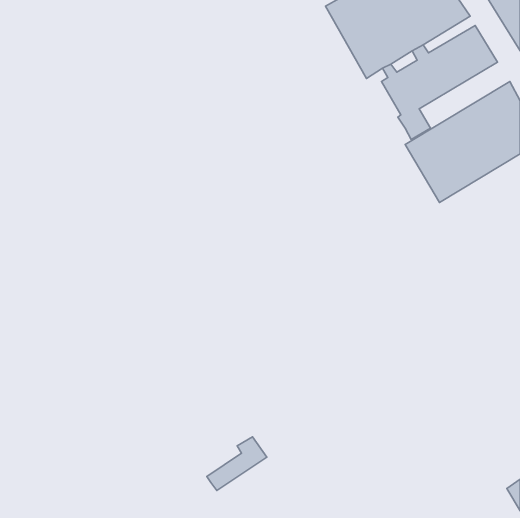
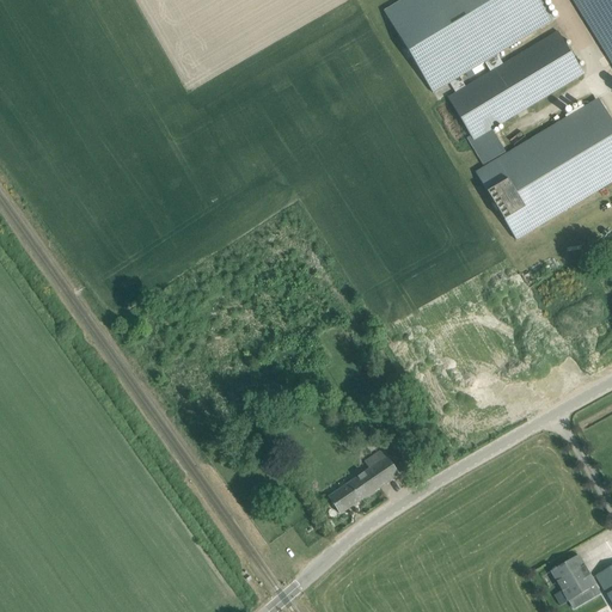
building: [207,437,267,491] -> [329,448,399,512]
building: none -> [551,553,596,599]

